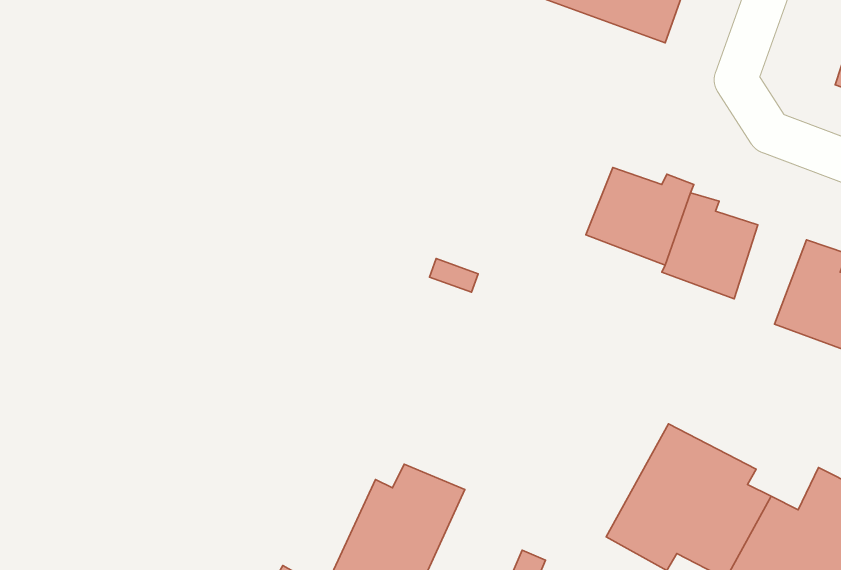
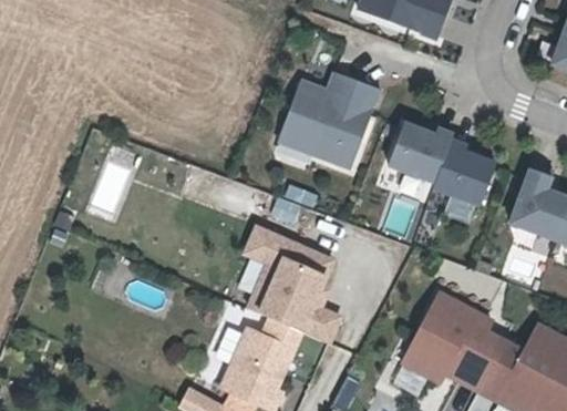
building: none -> [276,71,382,171]
building: none -> [244,225,346,346]

